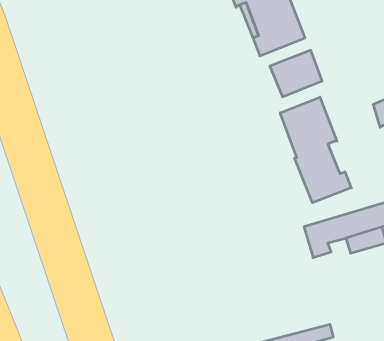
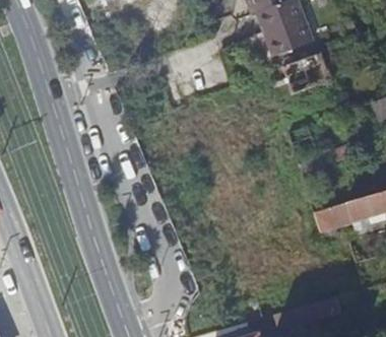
building: [280,97,351,203] -> none

